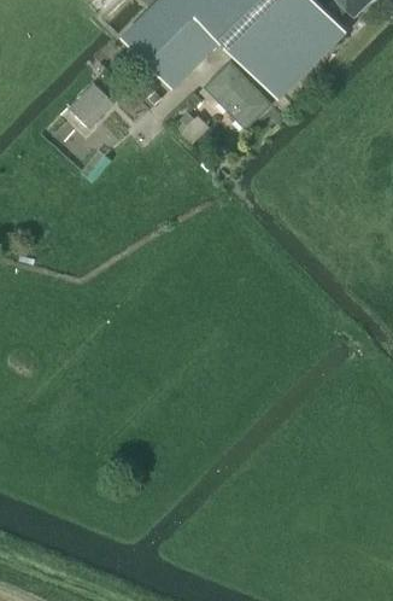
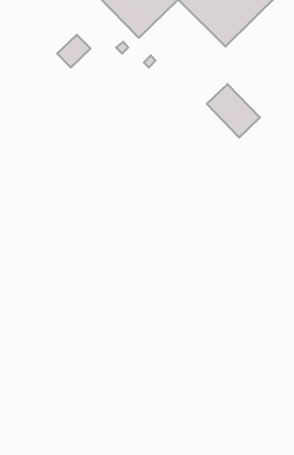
building: [204,63,269,128] -> [207,84,260,137]

